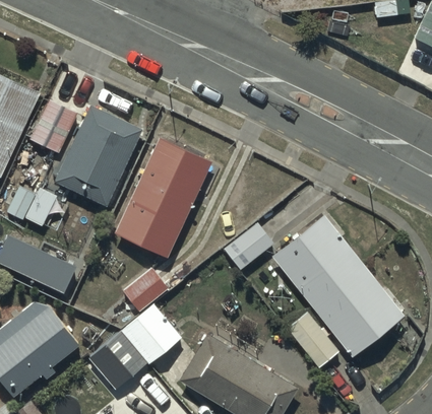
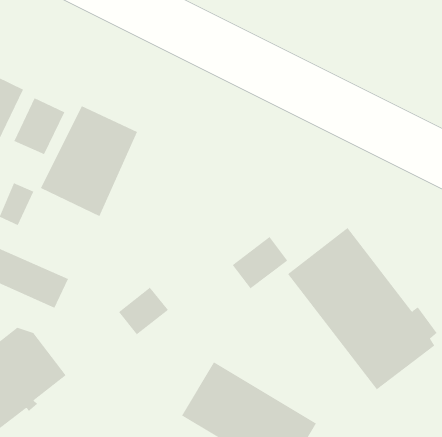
building: [114,139,209,259] -> none
building: [89,305,181,391] -> none
building: [286,309,340,368] -> none

